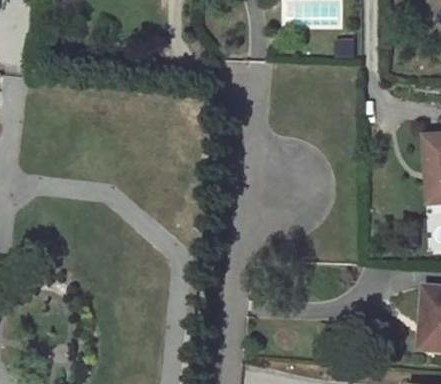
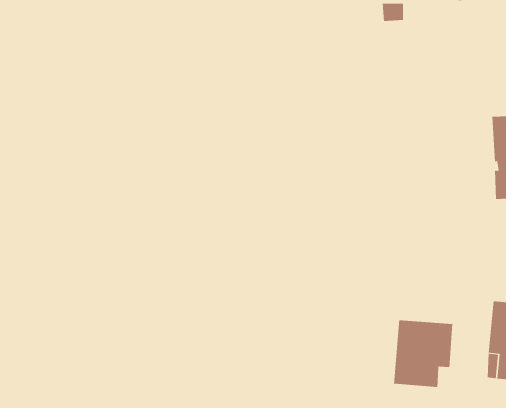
building: none -> [393,320,453,388]

